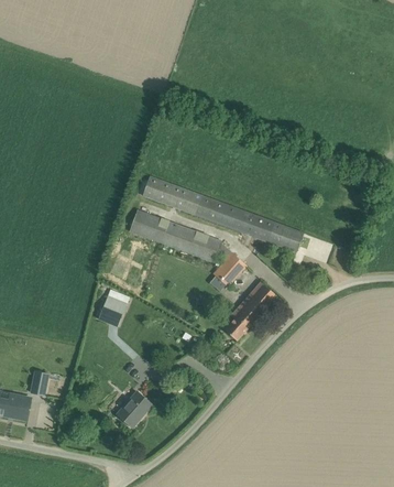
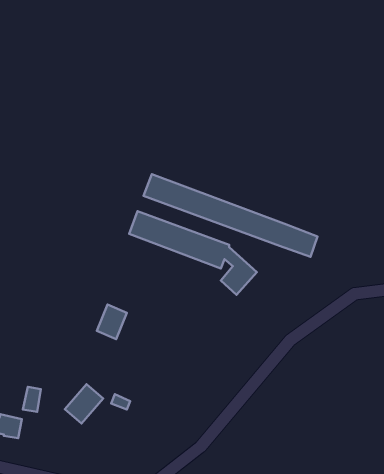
building: [225,281,276,340] -> none
building: [117,391,152,428] -> [65,384,103,423]

